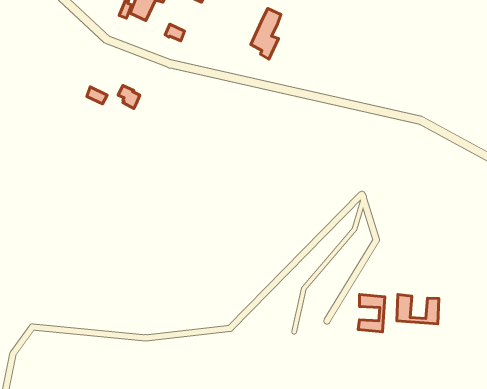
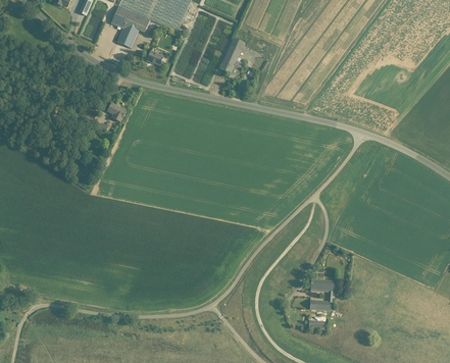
building: [397,294,439,324] -> none

